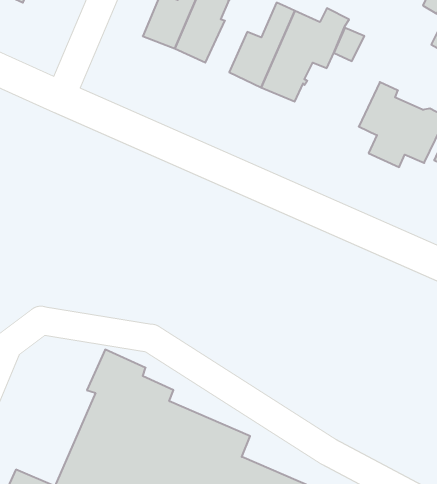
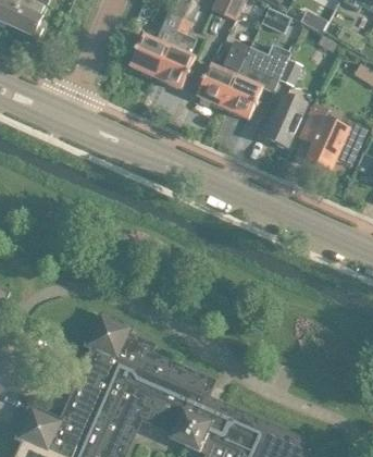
building: none -> [263,92,307,147]

